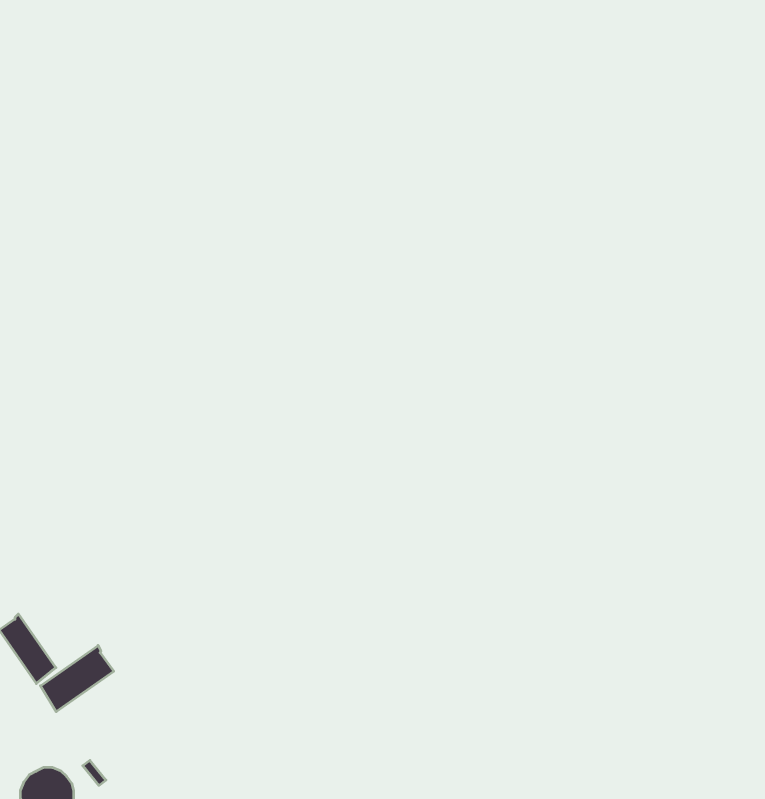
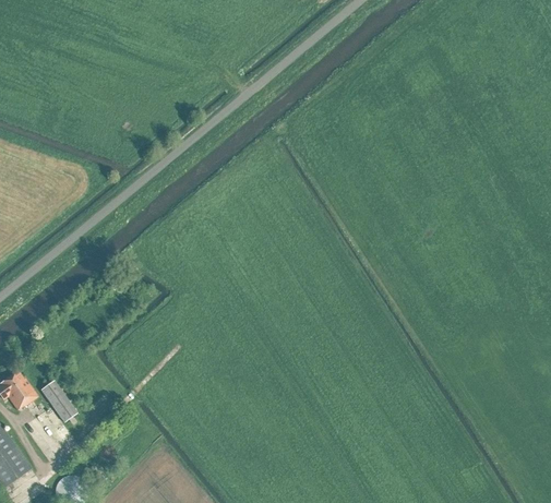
building: [40,645,114,712] -> none

